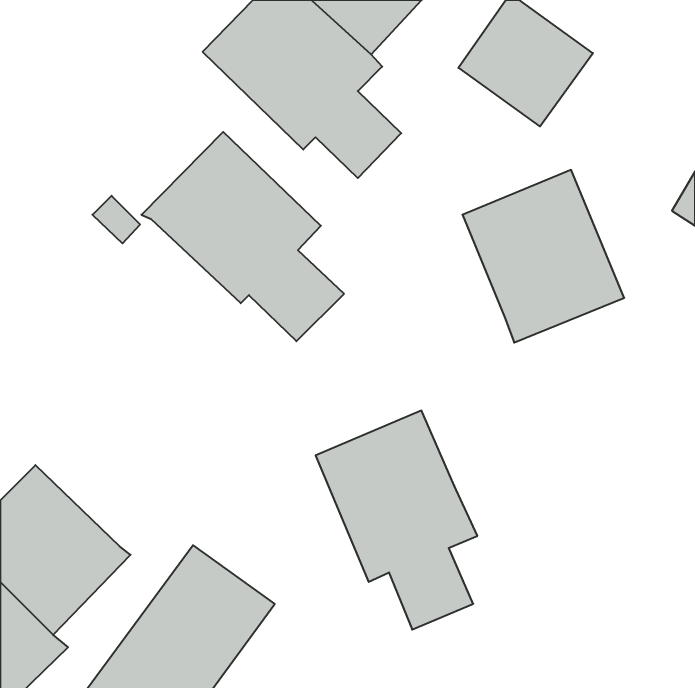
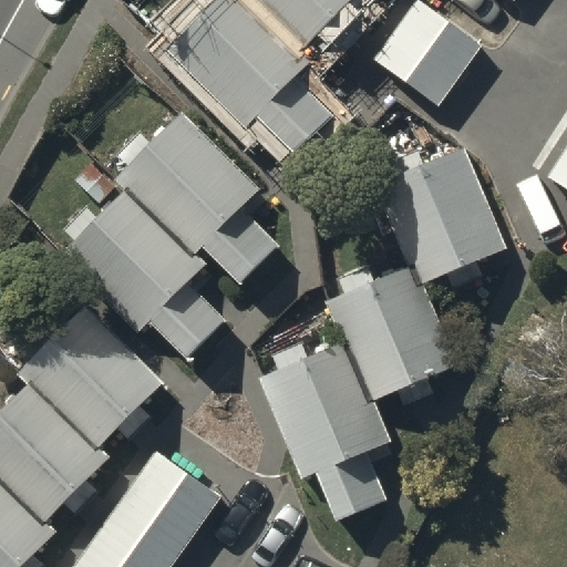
building: none -> [59,184,229,360]
building: none -> [326,264,454,401]
building: none -> [19,306,164,451]

